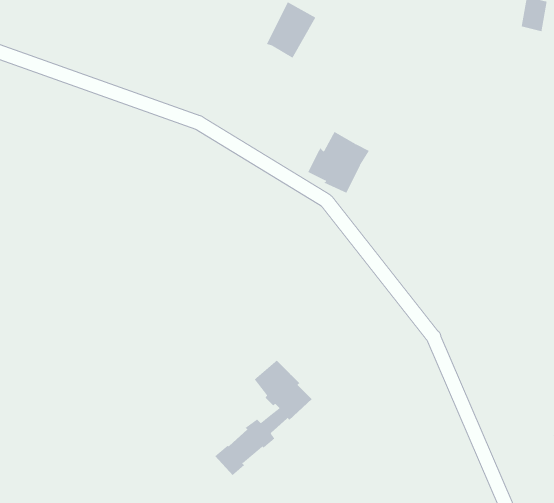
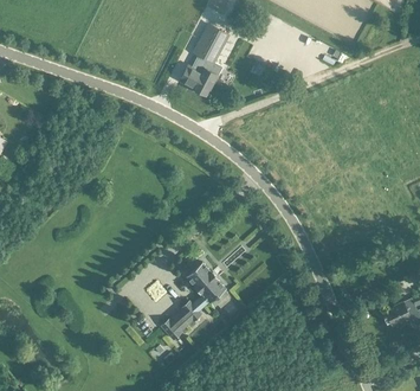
building: [308,131,370,194] -> [181,53,222,95]

